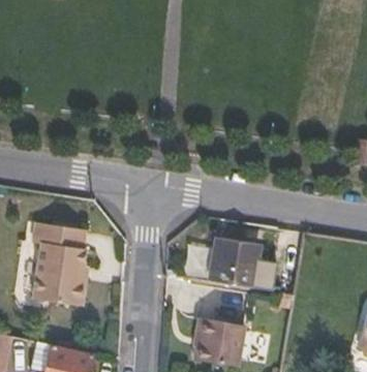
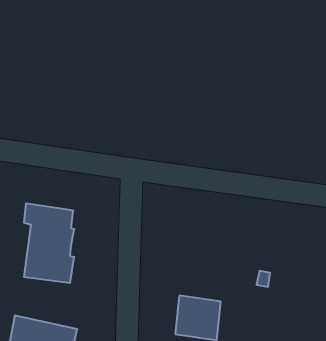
building: [208,242,257,288] -> none

